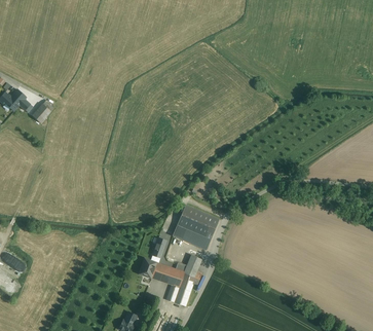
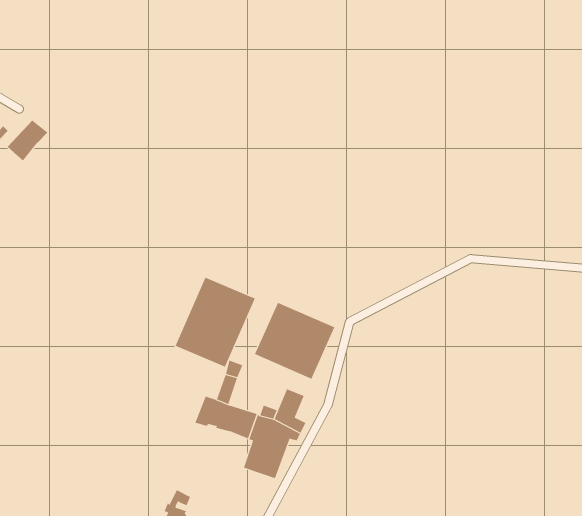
building: none -> [175,277,256,368]

